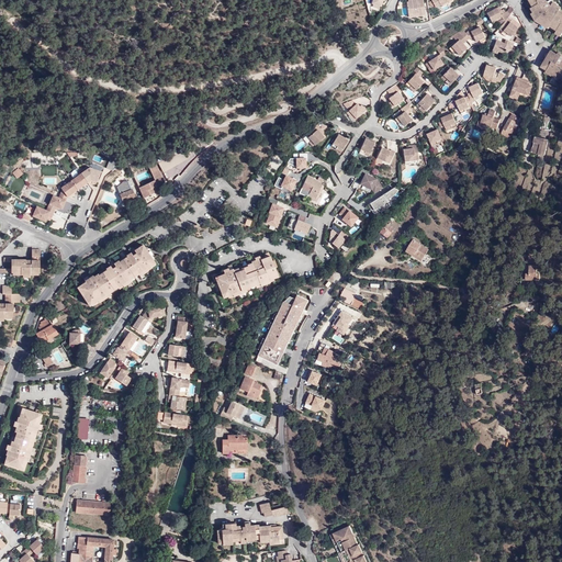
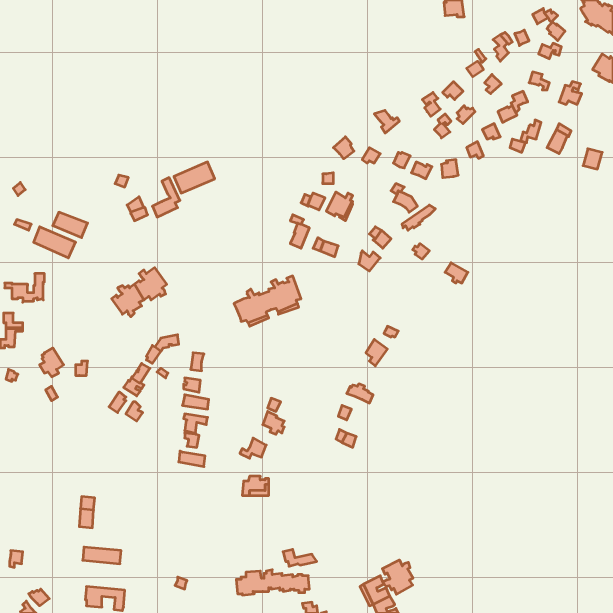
building: [64,167,103,196] -> none
building: [77,273,112,304] -> none
building: [258,295,307,364] -> none
building: [4,409,40,470] -> none
building: none -> [382,560,413,594]

